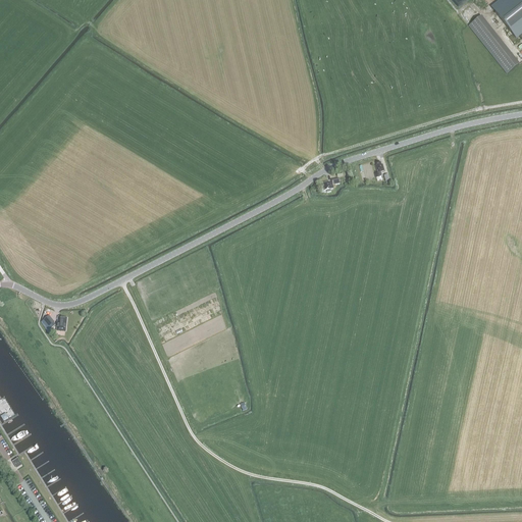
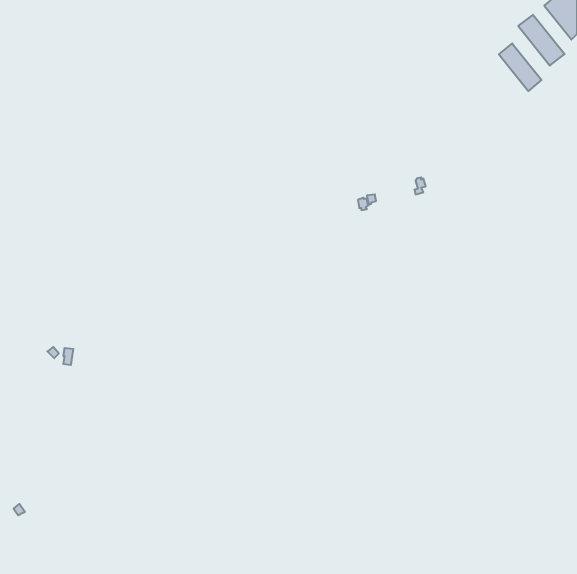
building: none -> [499,43,542,91]

